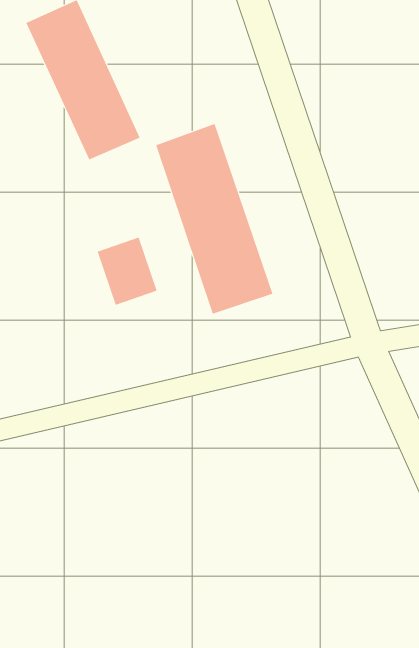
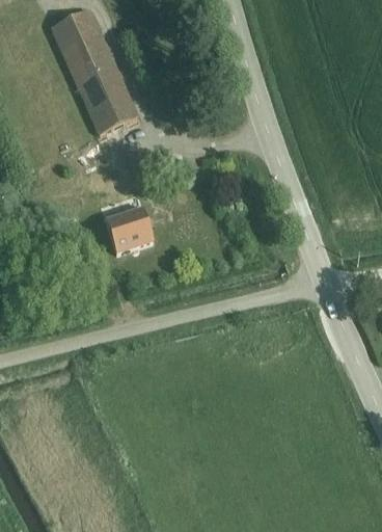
building: [155,123,273,314] -> none

